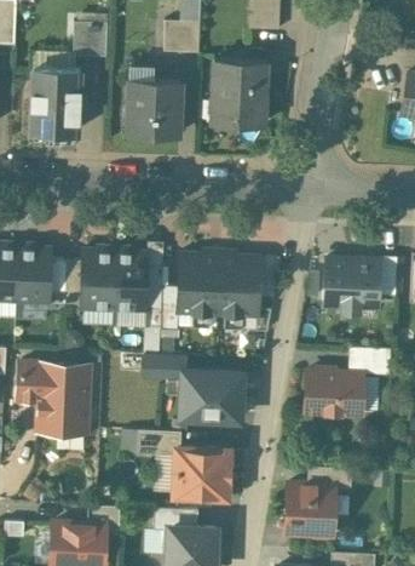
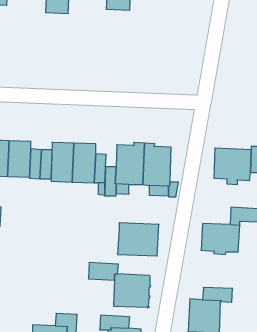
building: [212,59,266,125] -> none
building: [127,67,180,136] -> none
building: [31,69,80,132] -> none
building: [143,353,185,379] -> none
building: [18,362,87,430] -> none

